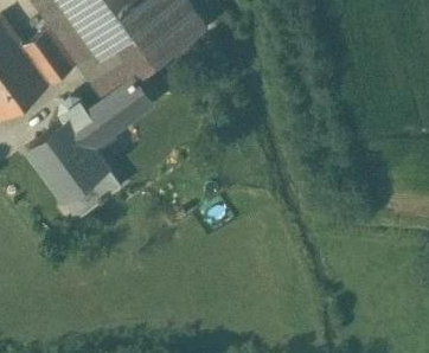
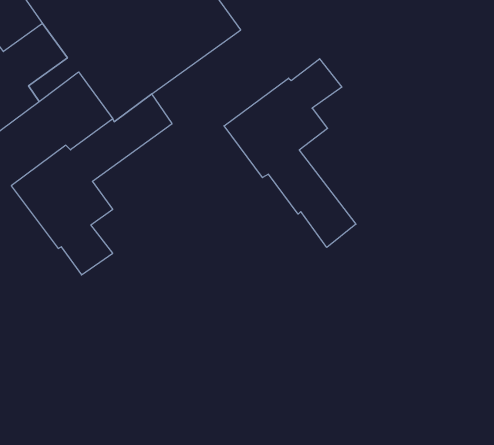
building: none -> [224,59,356,247]

